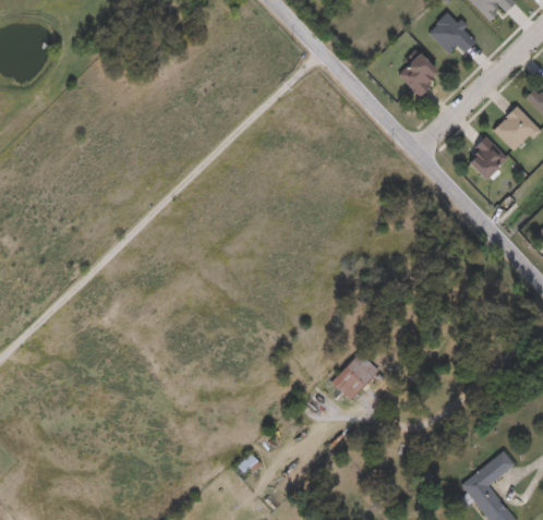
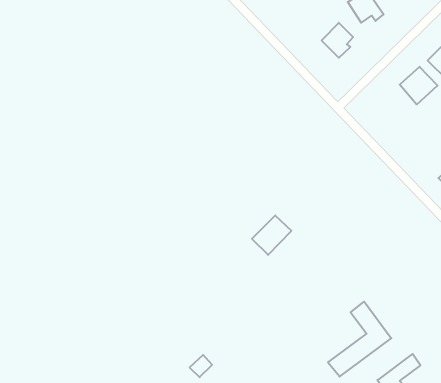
building: [467,134,506,178] -> none
building: [334,355,382,403] -> [252,215,291,255]
building: none -> [328,302,391,377]

